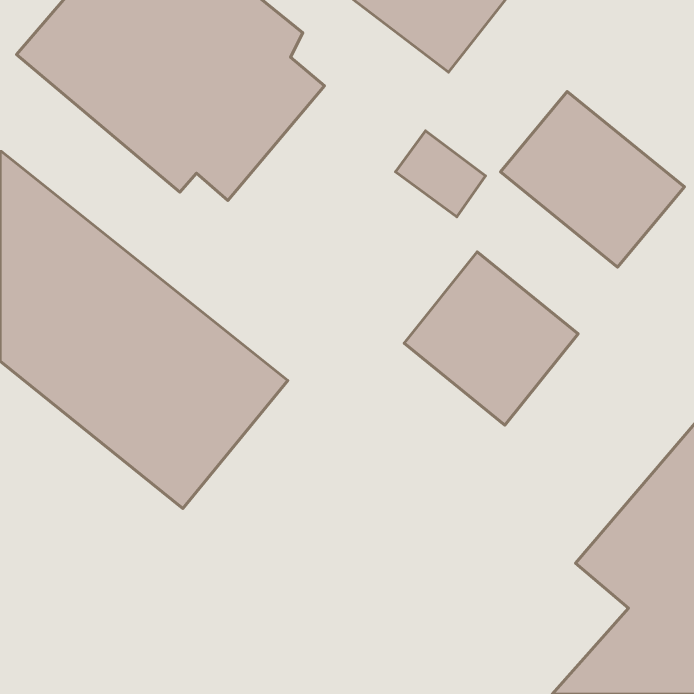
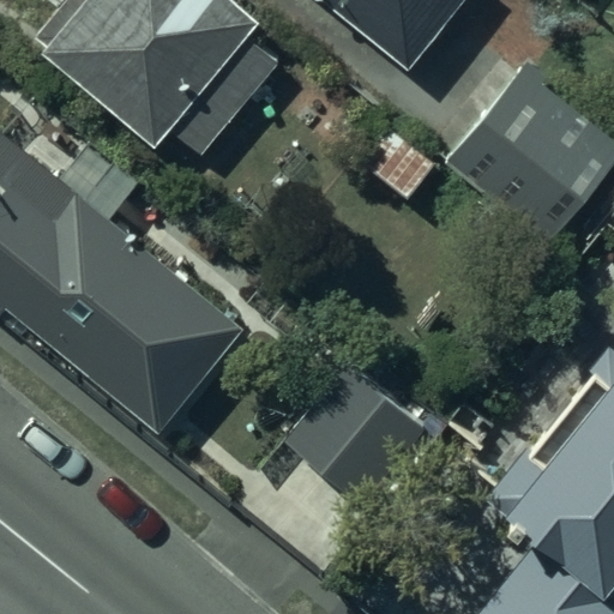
building: [404,252,578,425] -> none
building: none -> [282,354,423,495]

